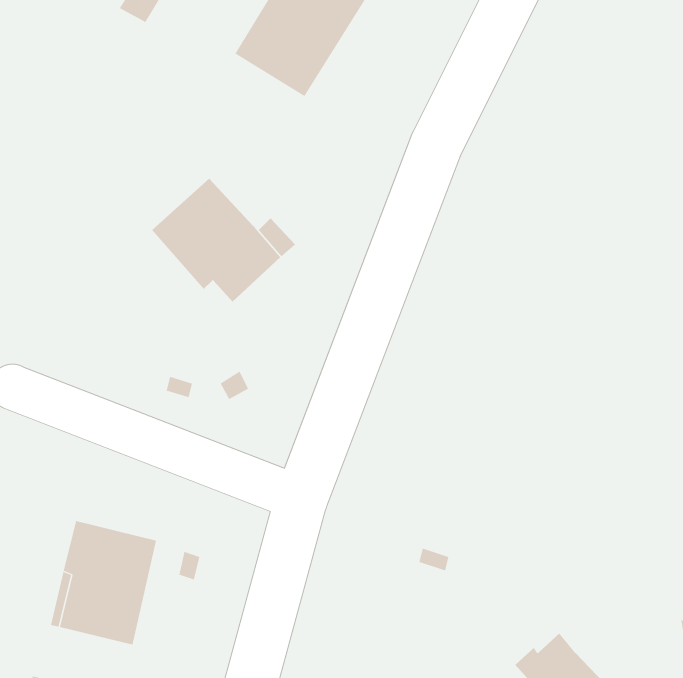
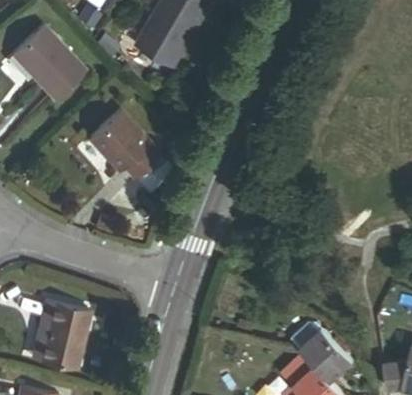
building: none -> [12,25,85,99]
building: none -> [290,321,351,375]

